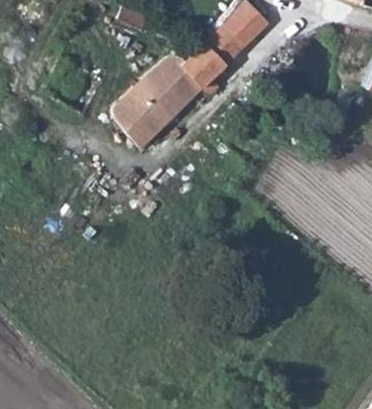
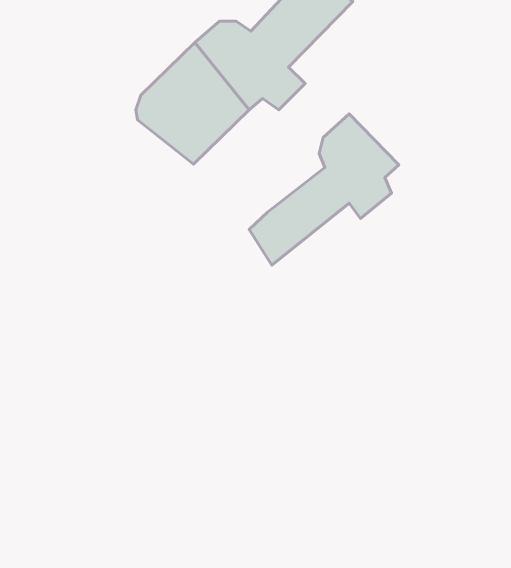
building: none -> [249,114,399,265]

